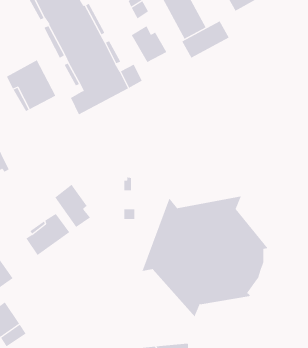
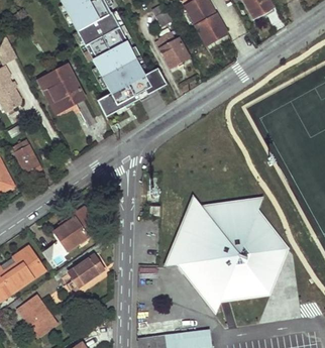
building: [182,20,229,58] -> none
building: [54,184,91,228] -> none
building: none -> [68,255,102,285]

